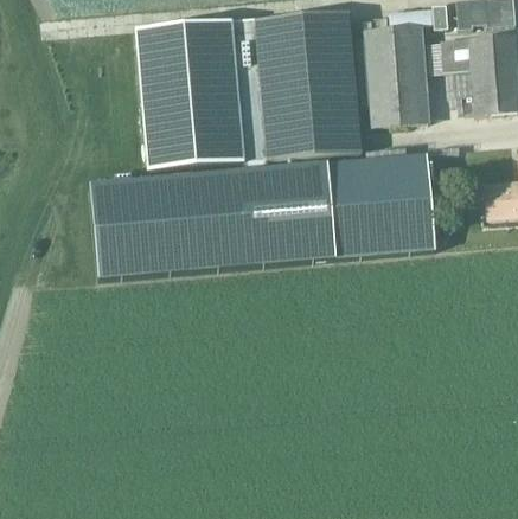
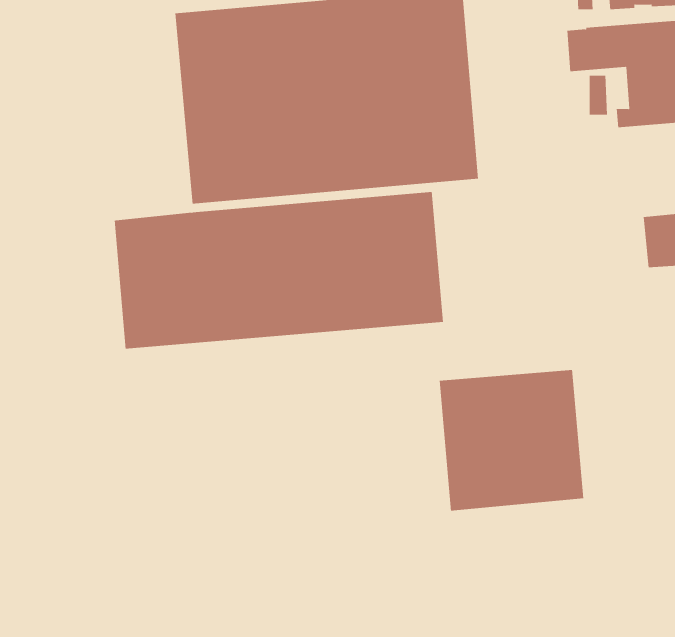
building: [364,25,430,126] -> none
building: [327,153,435,258] -> [439,370,584,511]

